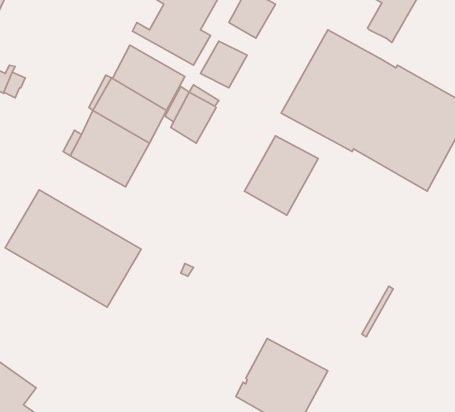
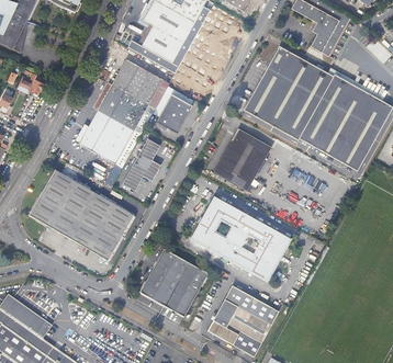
building: none -> [123,139,160,190]
building: none -> [190,195,291,279]
building: none -> [142,248,210,315]

